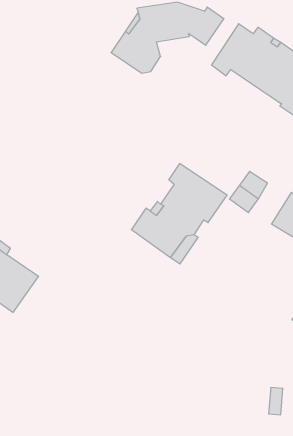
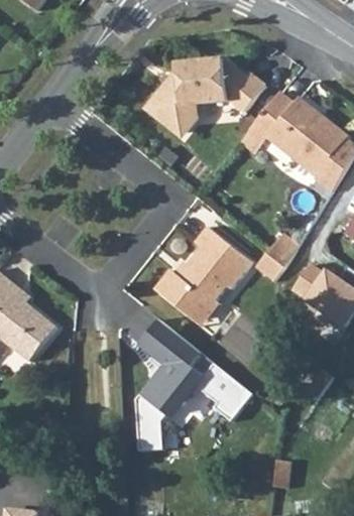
building: none -> [137,317,254,448]

